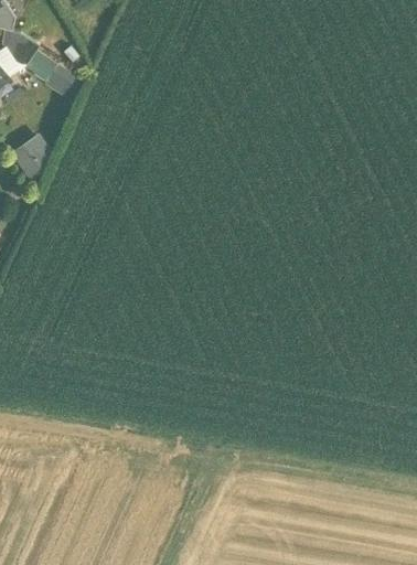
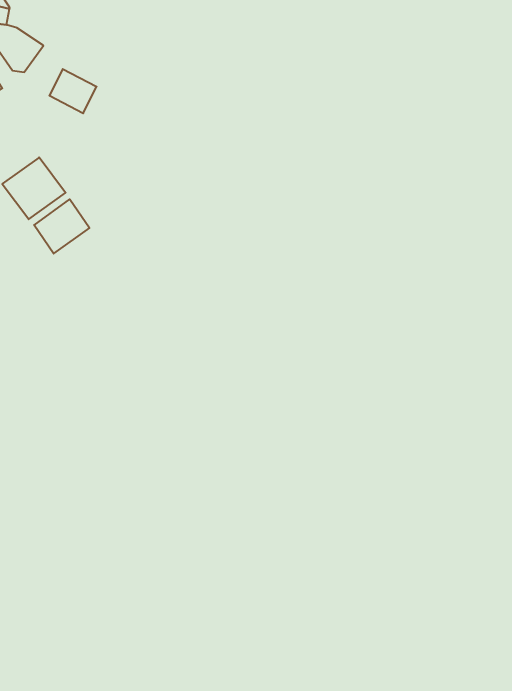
building: none -> [34,199,89,254]

